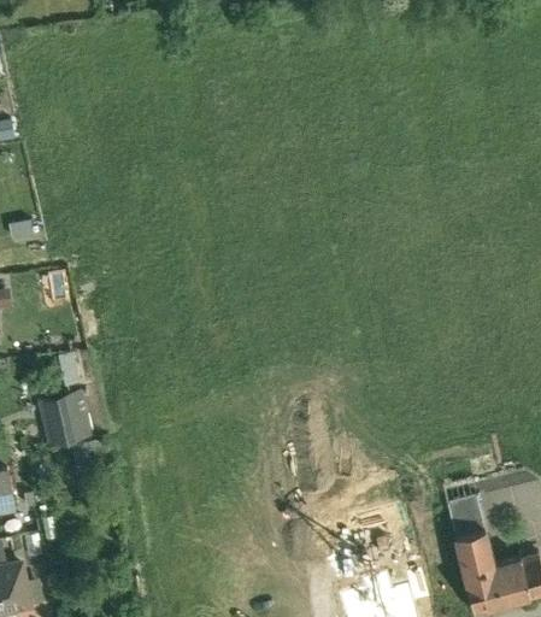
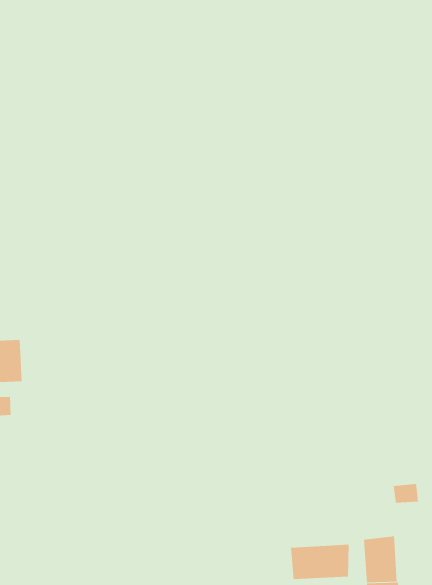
building: none -> [291,544,349,580]

